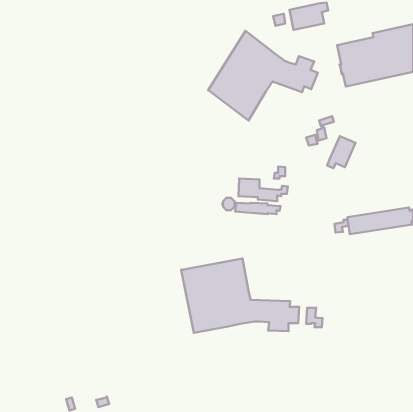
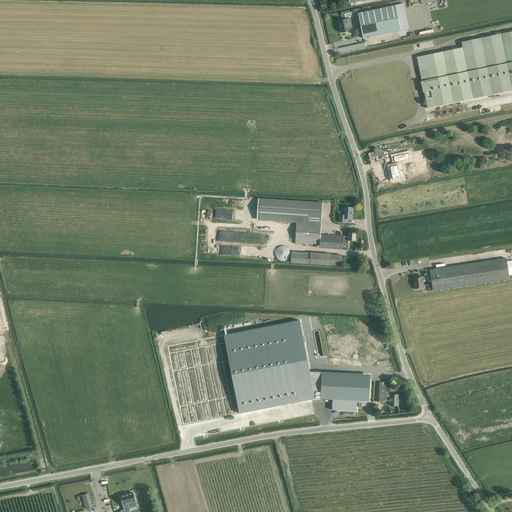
building: [208,31,318,121] -> none
building: [327,136,356,168] -> none
building: none -> [257,198,323,222]

